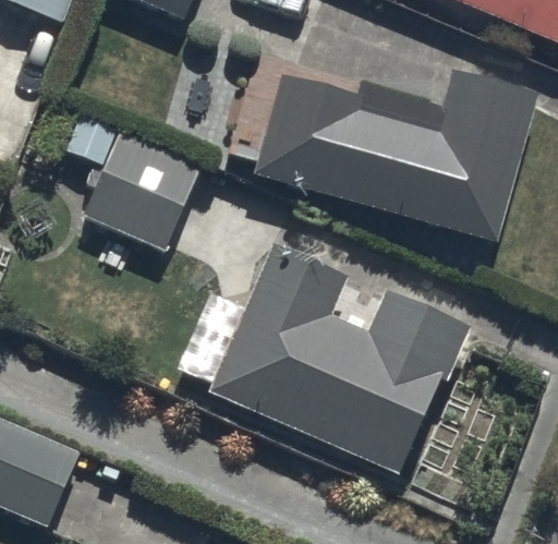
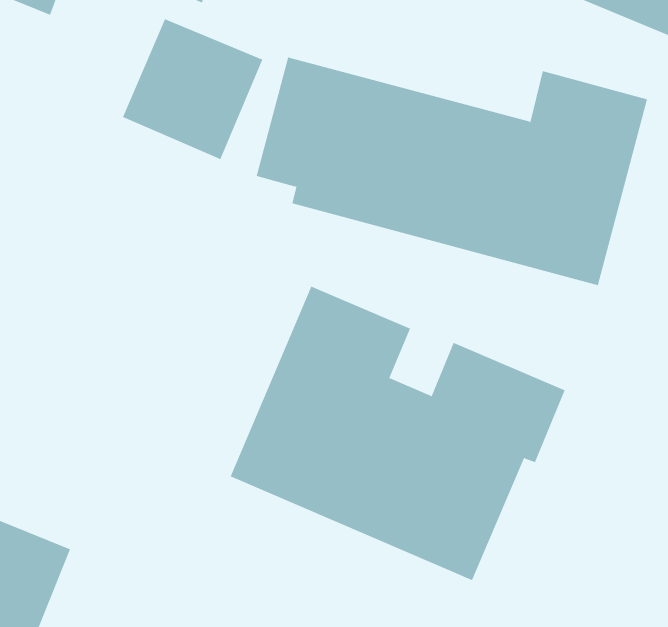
building: [86,134,198,246] -> [122,18,263,160]

